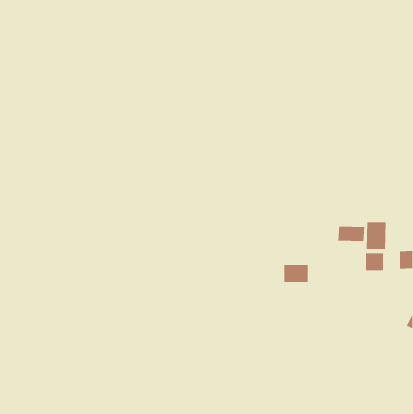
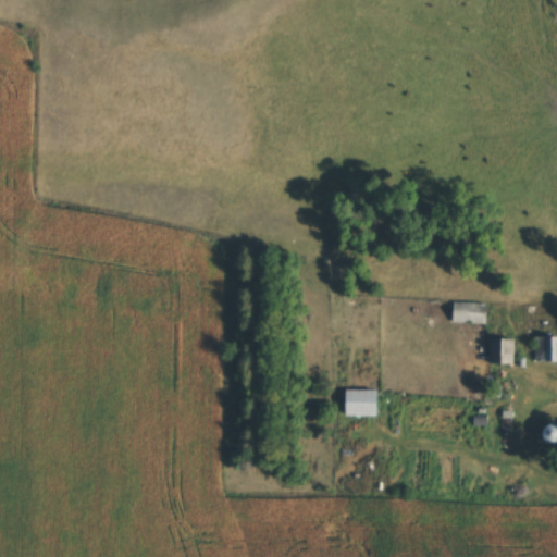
building: [366,222,387,250] -> none
building: [283,264,309,283] -> [346,389,380,414]

